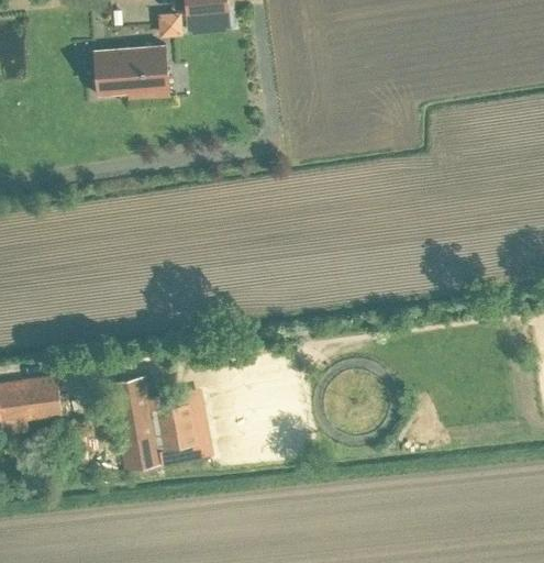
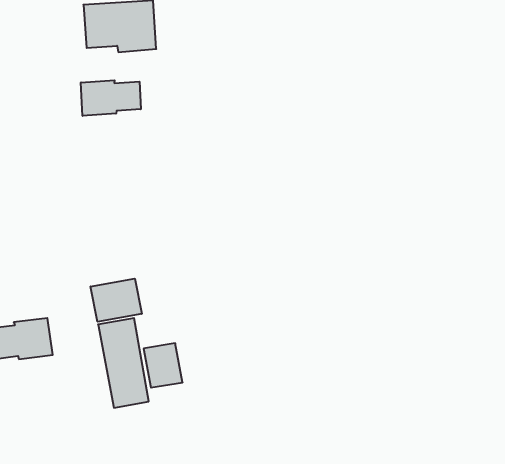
building: none -> [81,80,141,116]
building: none -> [91,279,142,322]

